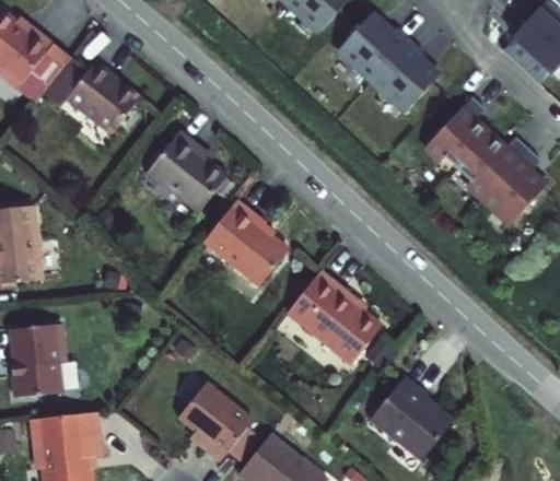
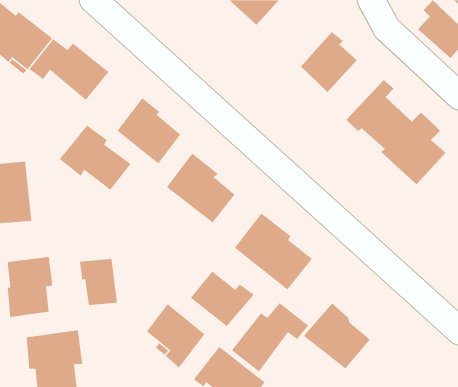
building: [332,24,405,93] -> none
building: none -> [59,125,131,191]
building: none -> [79,258,118,306]
building: none -> [190,271,255,327]
building: none -> [231,302,309,372]

